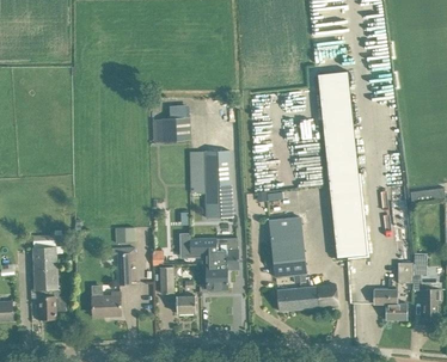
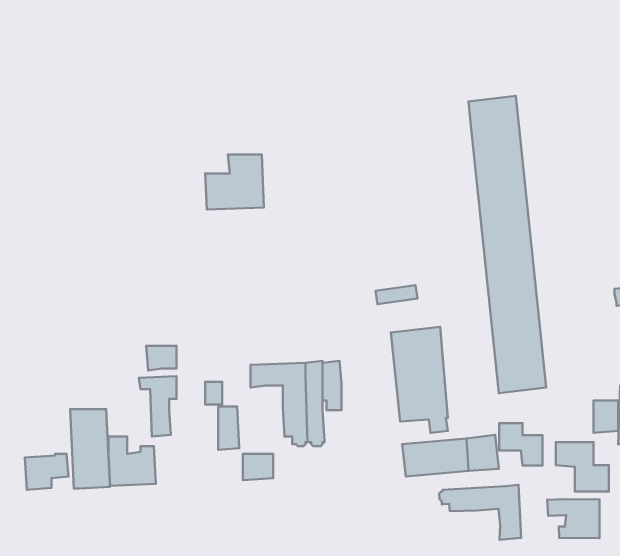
building: [190,151,233,217] -> none
building: [32,249,57,299] -> [70,409,110,489]
building: none -> [499,423,543,466]
building: none -> [439,485,521,540]
building: none -> [547,499,600,538]

